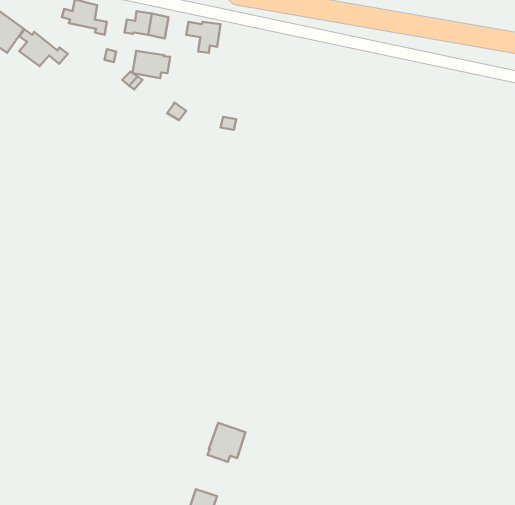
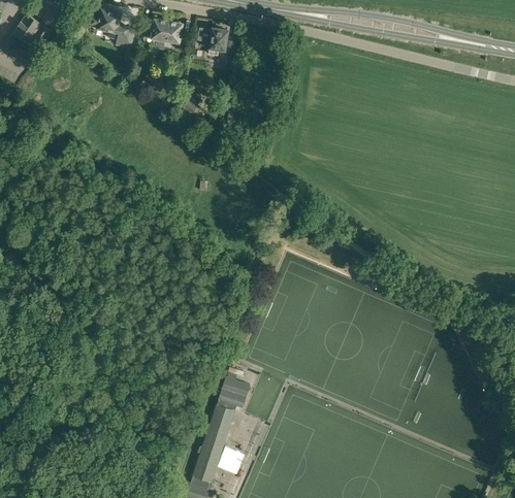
building: [19,29,68,66] -> none
building: [133,51,170,78] -> none
building: none -> [206,404,234,440]

